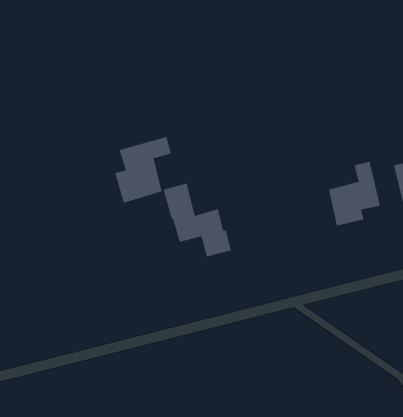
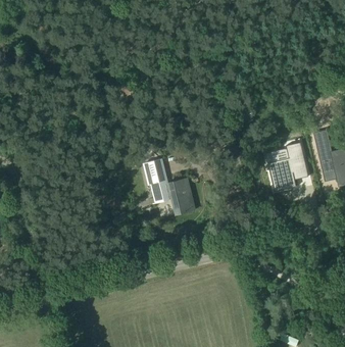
building: [115,136,172,203] -> none

